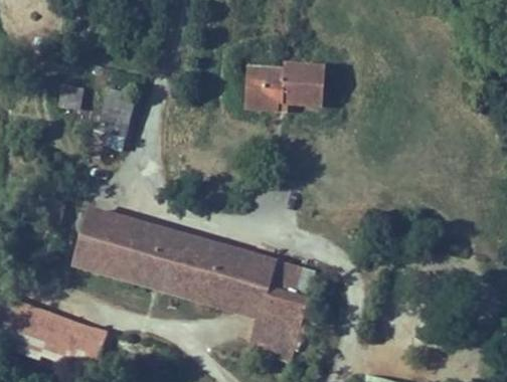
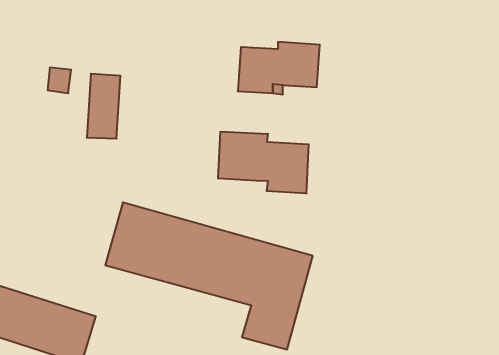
building: none -> [218,132,309,194]
building: [70,205,132,278] -> none

